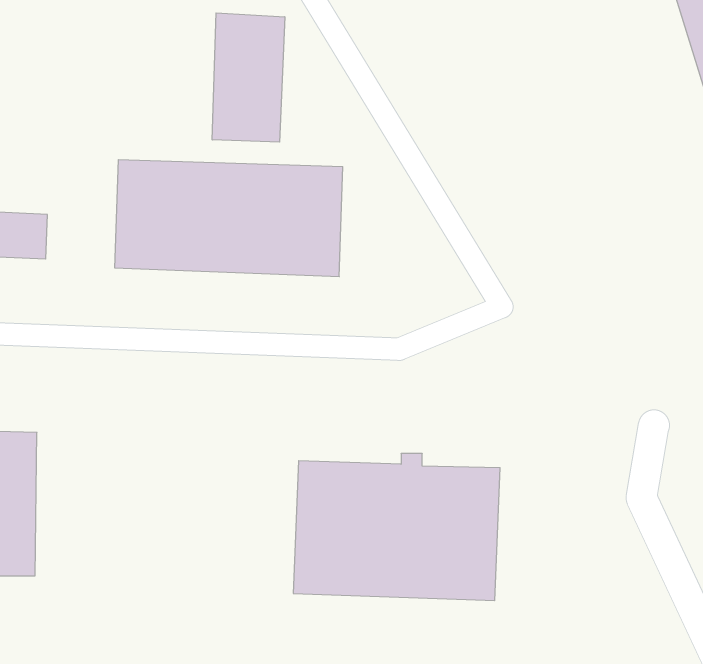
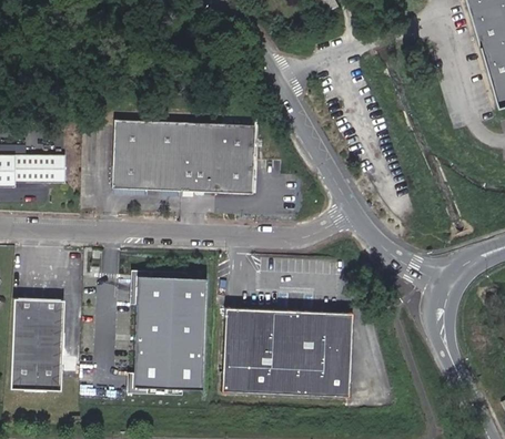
building: [212,13,285,142] -> none
building: none -> [142,276,212,381]

